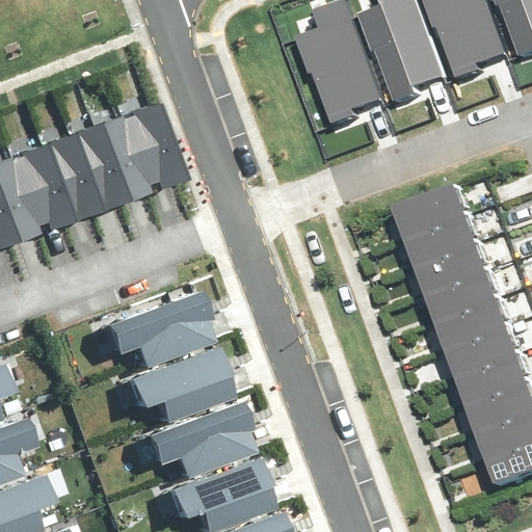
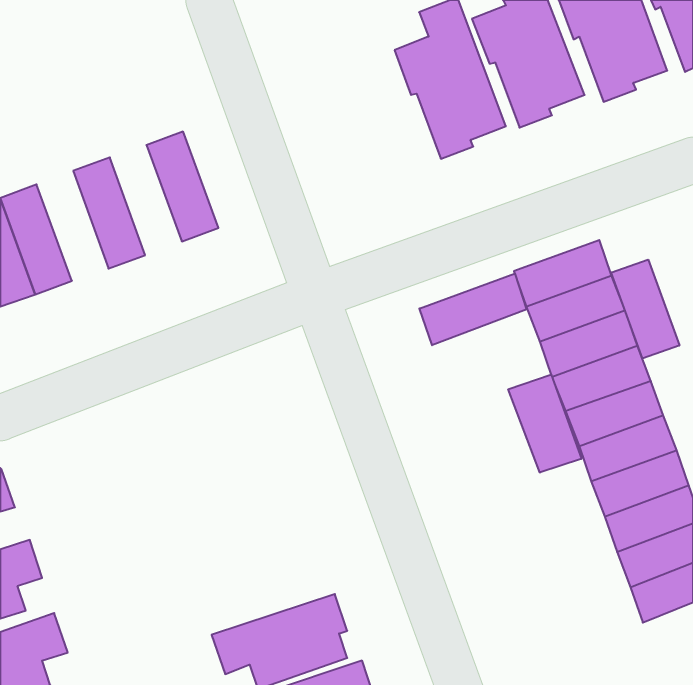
building: [84,117,139,202] -> none
building: [28,137,83,221] -> none
building: none -> [611,260,679,358]
building: none -> [419,274,527,345]
building: none -> [508,375,581,473]
building: [103,294,207,368] -> none
building: [124,350,228,423] -> none
building: [142,403,246,476] -> none

